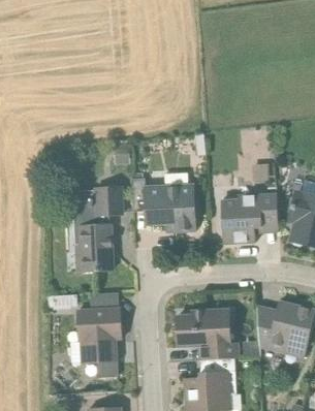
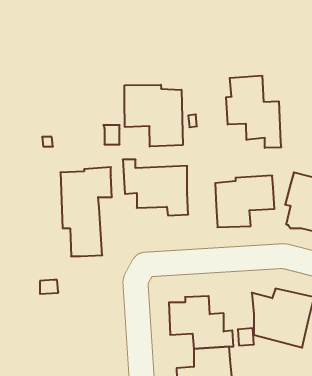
building: none -> [226,76,281,148]
building: none -> [124,85,183,147]
building: [81,292,121,377] -> none

